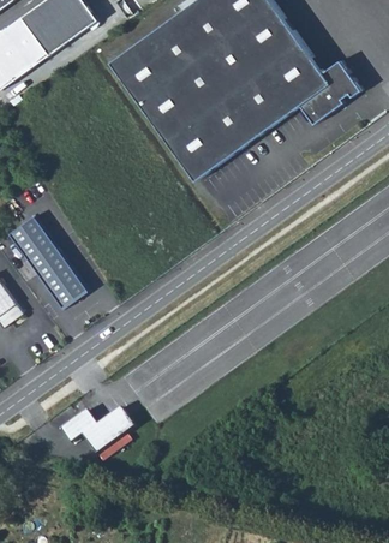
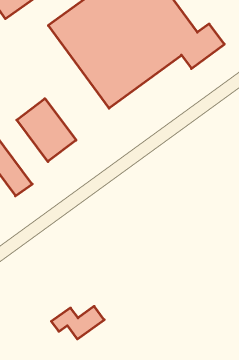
building: none -> [17,99,76,162]
building: [60,406,136,453] -> [51,306,104,339]

